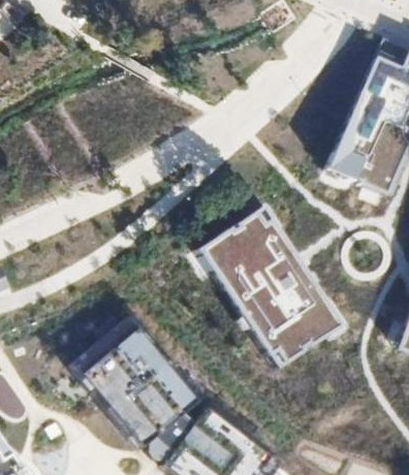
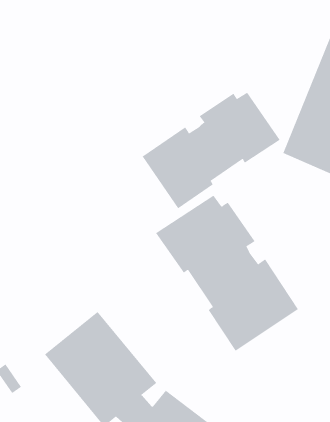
building: none -> [142,92,281,209]

